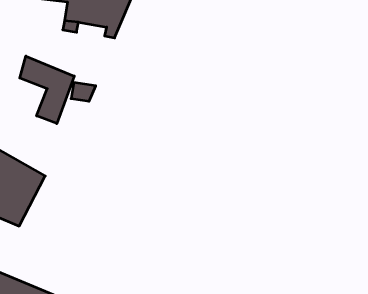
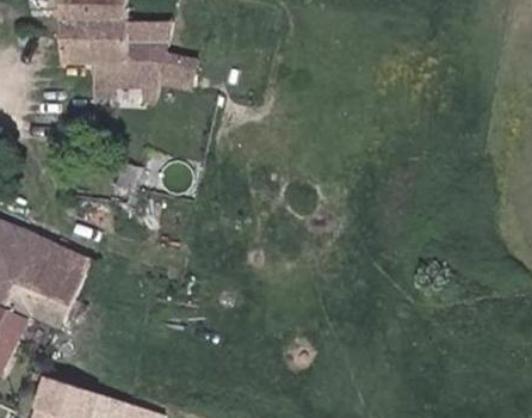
building: [20,56,74,124] -> none

